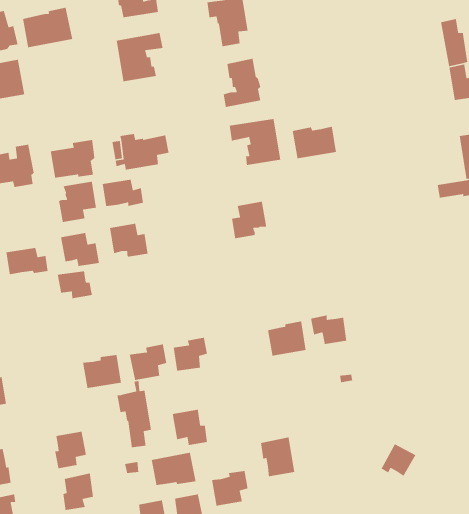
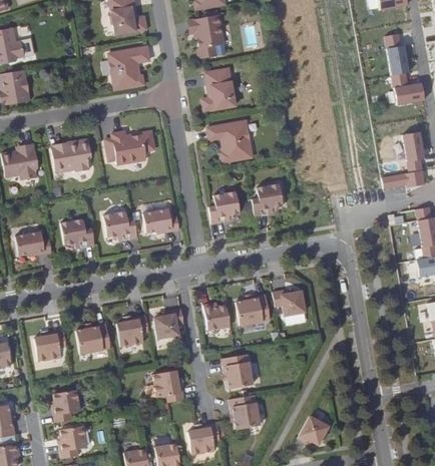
building: [22,7,73,48] -> none
building: [292,126,337,159] -> none
building: [102,179,144,207] -> [140,207,176,231]
building: [58,181,97,223] -> none
building: none -> [249,182,280,215]
building: [57,271,93,299] -> none
building: none -> [204,303,232,330]
building: none -> [35,329,67,361]
building: [117,380,152,448] -> none
building: none -> [223,354,254,388]
building: [381,443,417,477] -> [299,416,330,445]
building: [151,452,197,486] -> none

